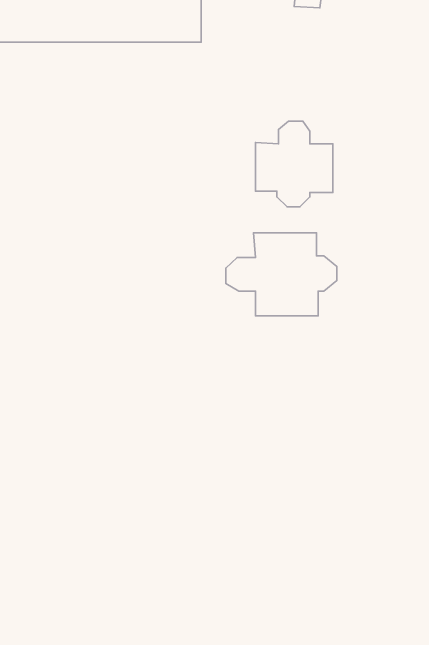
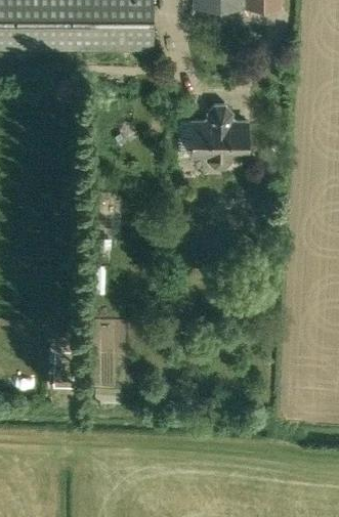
building: [226,233,337,316] -> none

